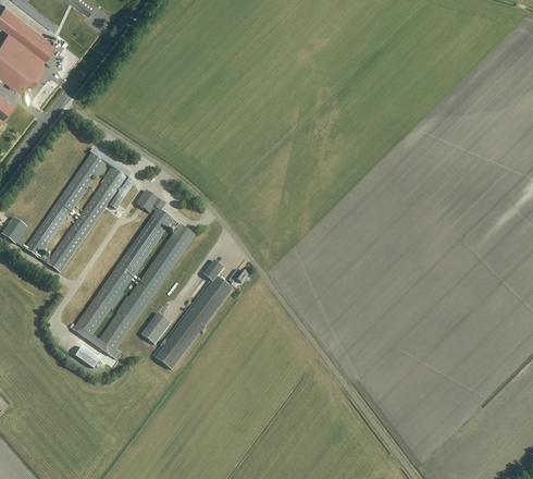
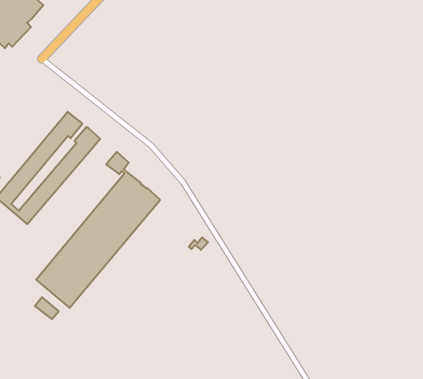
building: [152,260,232,370] -> none
building: [140,314,170,345] -> none

